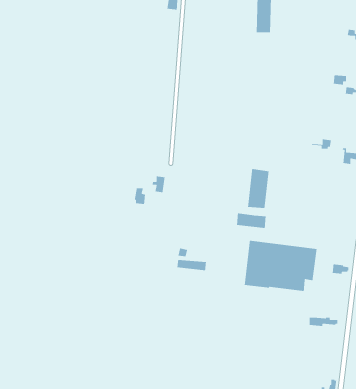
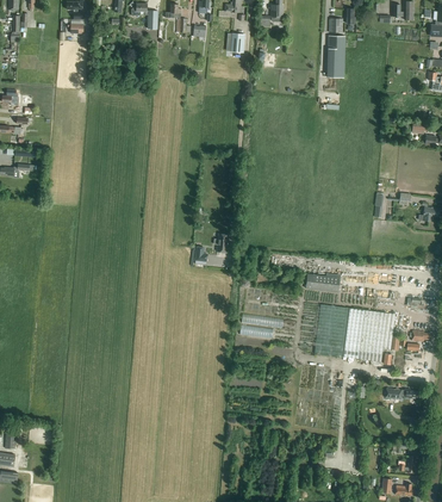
building: [247,168,269,209] -> none

